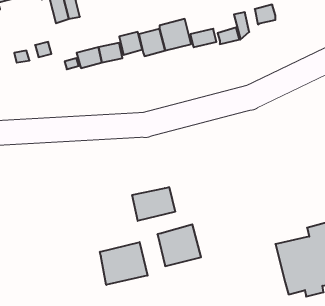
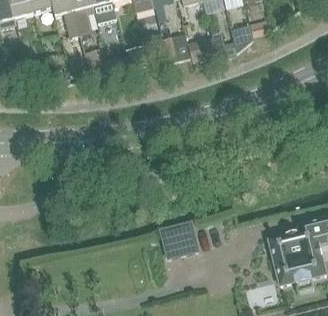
building: [132,187,175,221] -> none
building: [100,242,148,285] -> none

